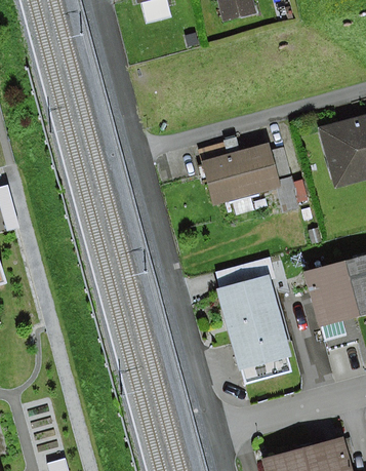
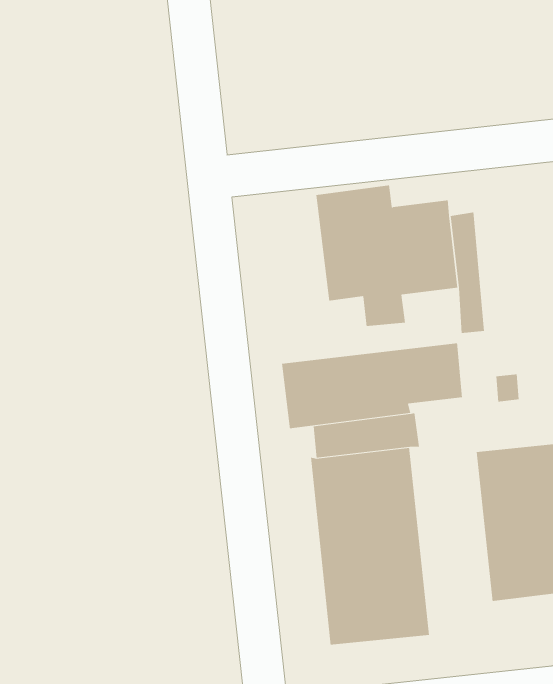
building: none -> [282,342,463,429]

